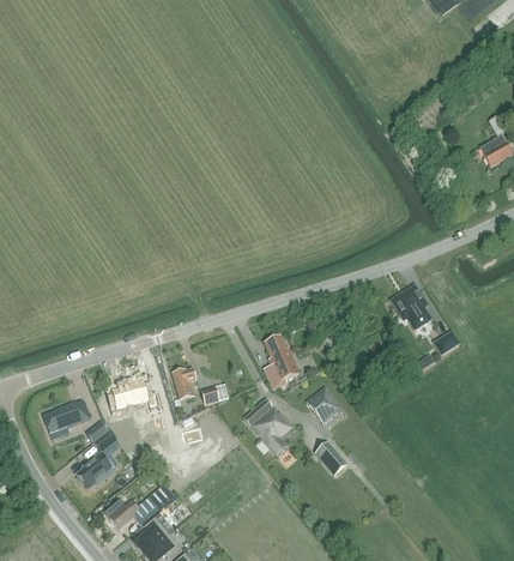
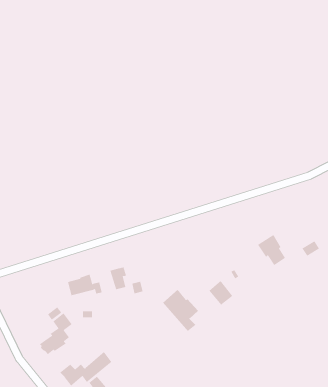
building: [392,285,431,328] -> [257,234,286,266]
building: [262,334,298,388] -> none
building: [43,399,90,432] -> none
building: [315,440,347,475] -> none

